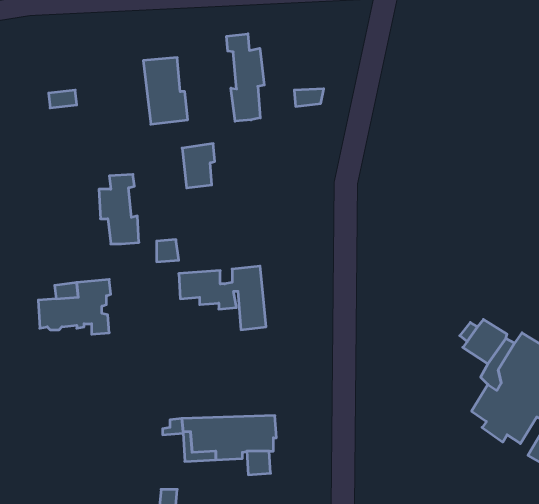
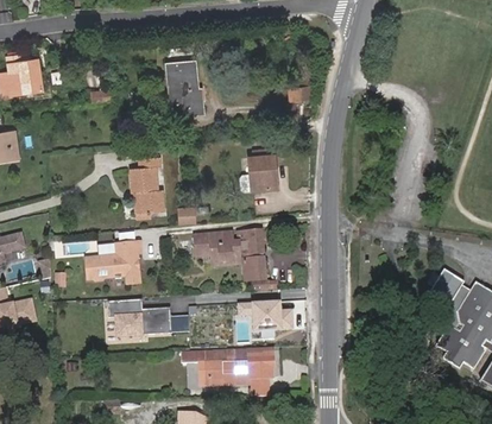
building: [227,34,264,121] -> none
building: [182,144,215,188] -> [250,154,276,190]
building: none -> [109,297,191,334]
building: none -> [240,300,292,330]

